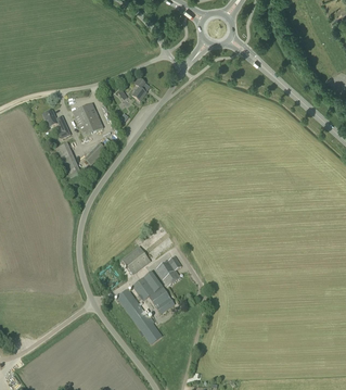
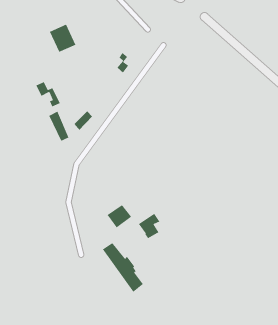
building: [73,105,103,138] -> [49,24,76,53]
building: [132,274,175,316] -> none

